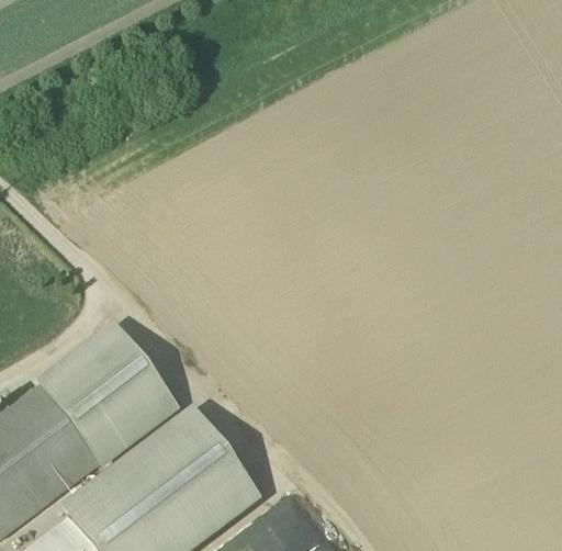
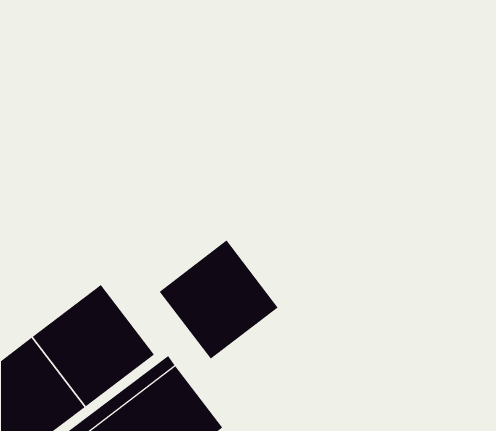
building: none -> [159,240,279,360]

